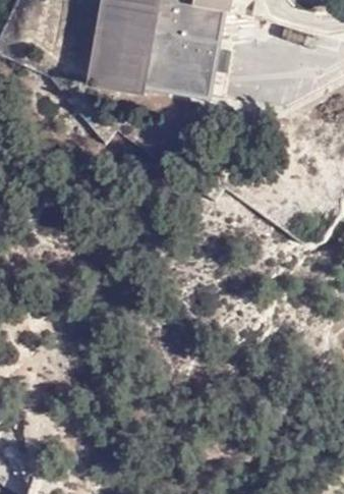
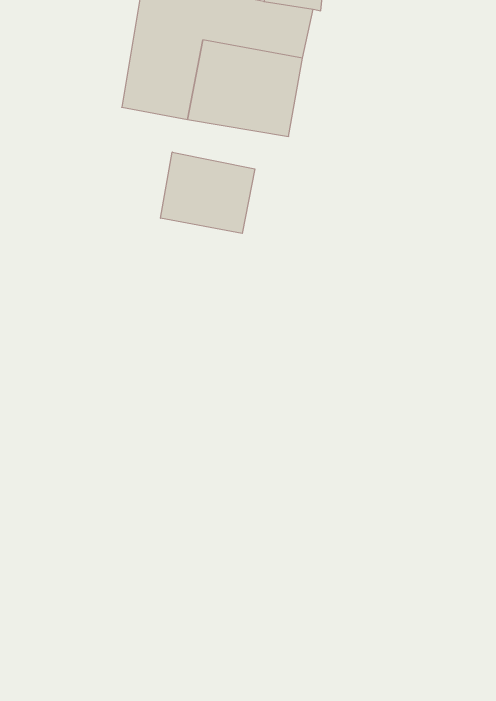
building: none -> [161,152,255,233]

